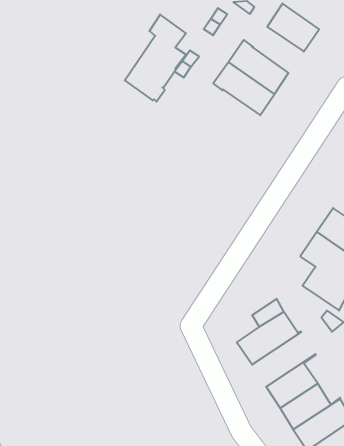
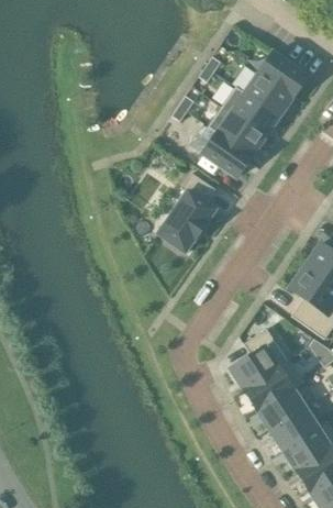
building: [125,14,186,102] -> [157,172,214,253]
building: none -> [243,74,291,117]
building: none -> [201,132,251,177]
building: none -> [243,358,302,410]

